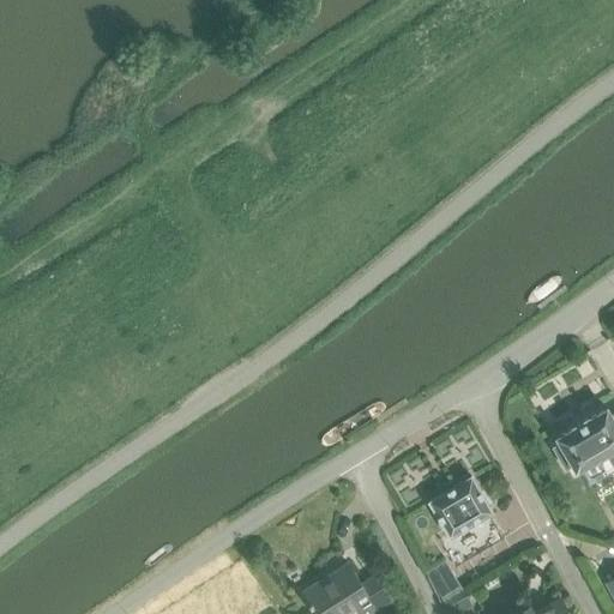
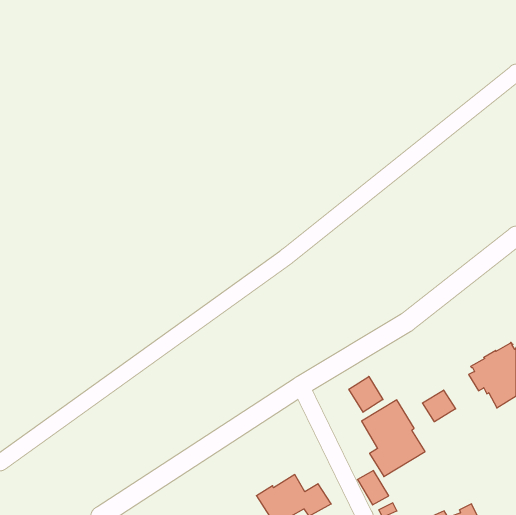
building: none -> [349,376,383,412]
building: none -> [422,390,456,422]

